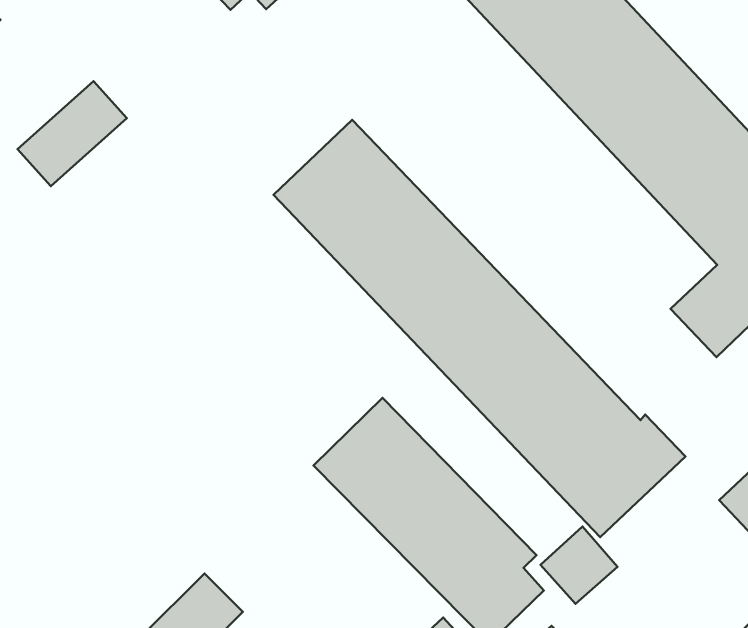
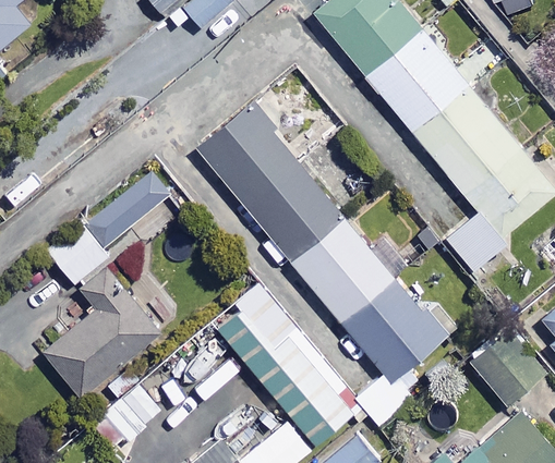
building: [18,81,127,186] -> [88,175,159,241]
building: none -> [45,222,106,282]
building: none -> [43,269,158,397]

